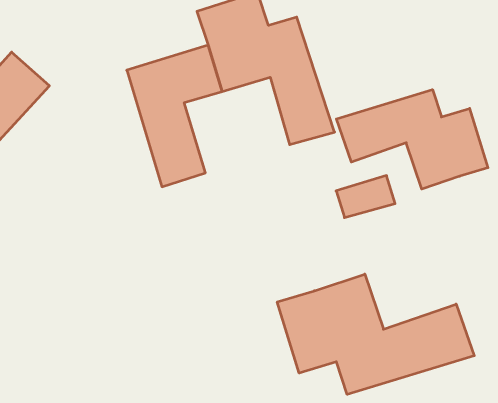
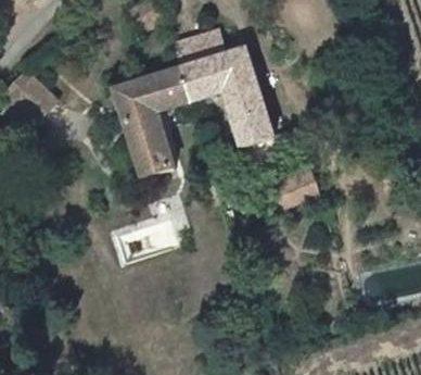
building: [336,90,488,189] -> none
building: [277,274,474,394] -> none

